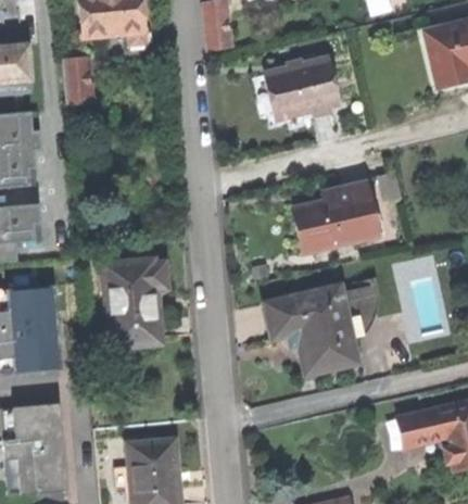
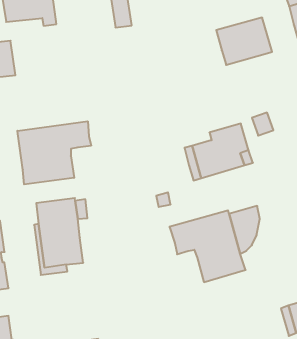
building: [271,60,340,116] -> [216,18,272,65]
building: none -> [17,121,91,184]

